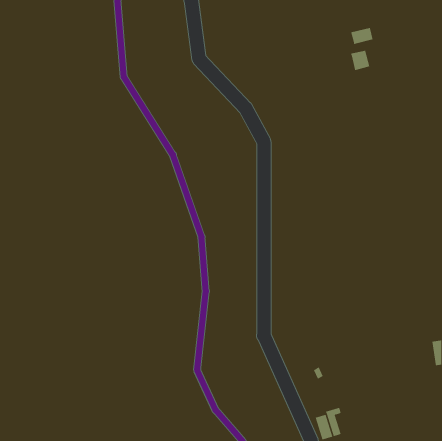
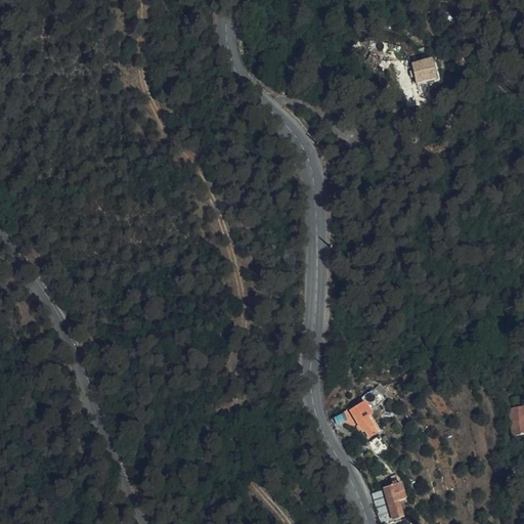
building: [350,27,373,45] -> none
building: none -> [351,400,378,434]

